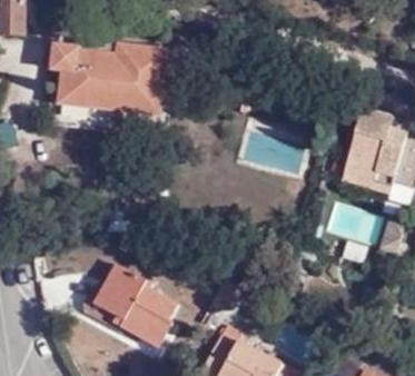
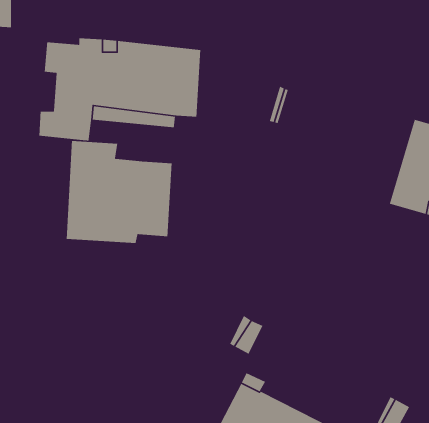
building: none -> [66,140,172,244]
building: [93,269,175,350] -> none

